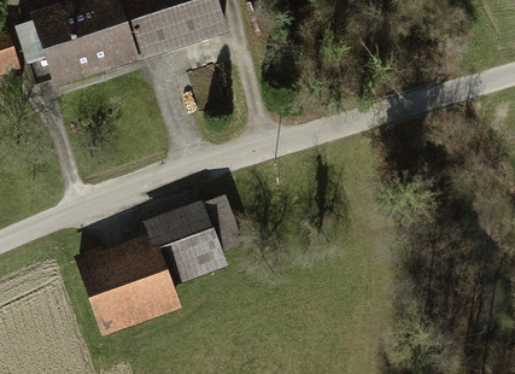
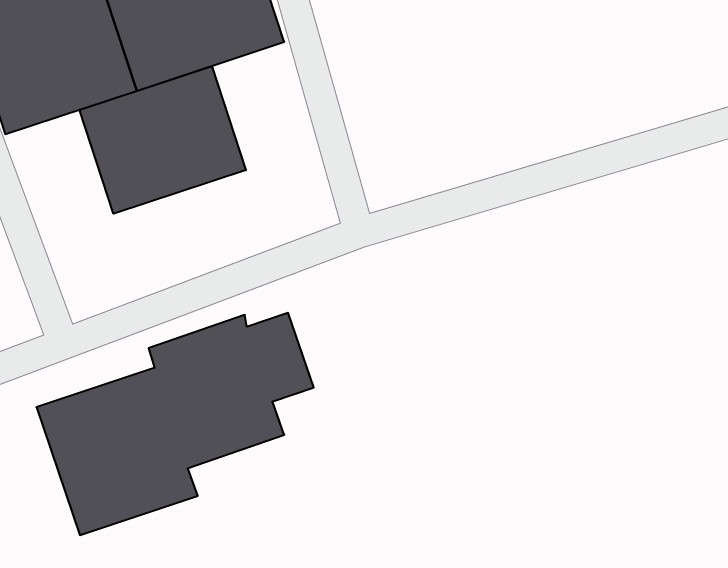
building: none -> [79,66,246,214]

